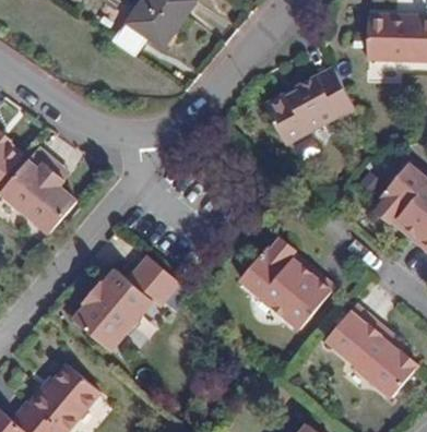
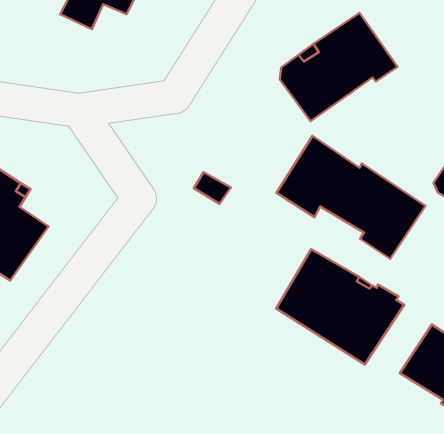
building: none -> [276,136,425,259]
building: [78,259,183,352] -> none

